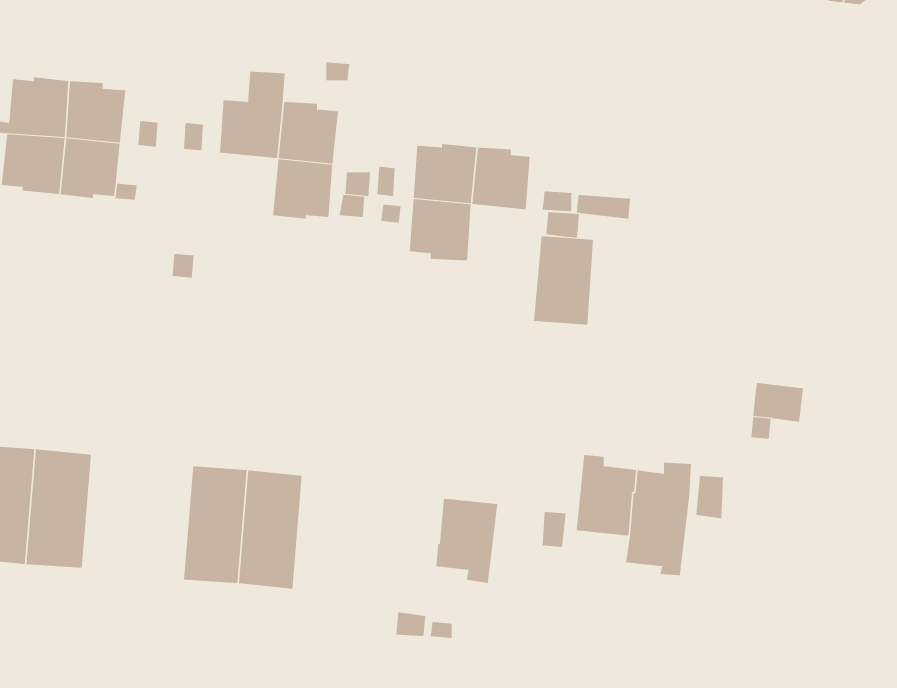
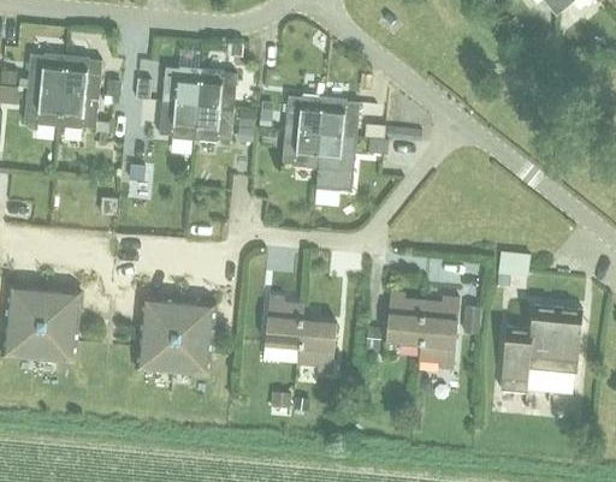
building: none -> [158,100,197,139]
building: [533,236,594,325] -> [316,133,355,190]
building: none -> [265,294,304,347]
building: none -> [500,304,582,392]

